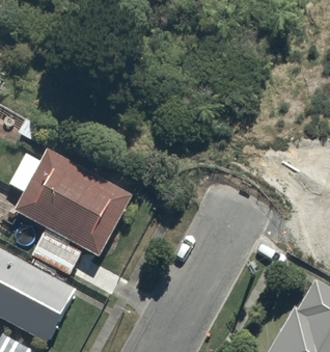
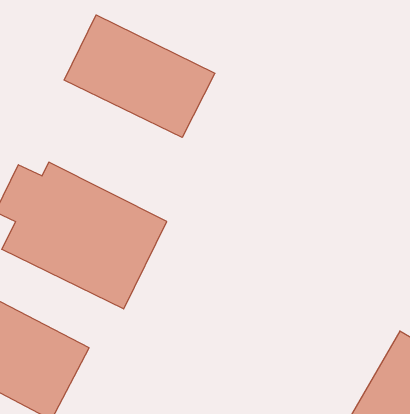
building: none -> [64,15,215,137]

